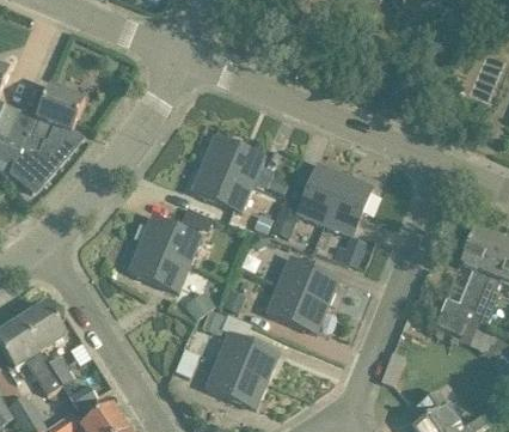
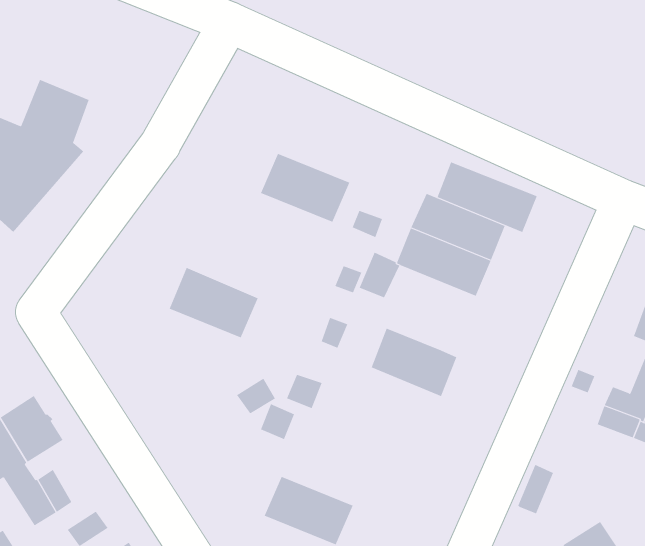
building: none -> [437,161,538,233]
building: [191,163,253,211] -> none
building: [129,243,190,291] -> none
building: [268,284,329,331] -> none
building: [217,331,280,379] -> none

